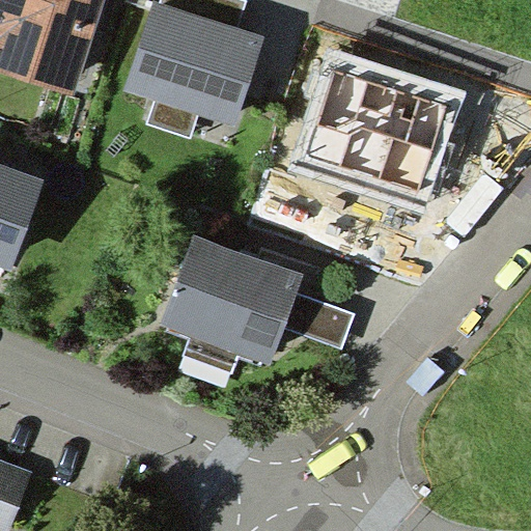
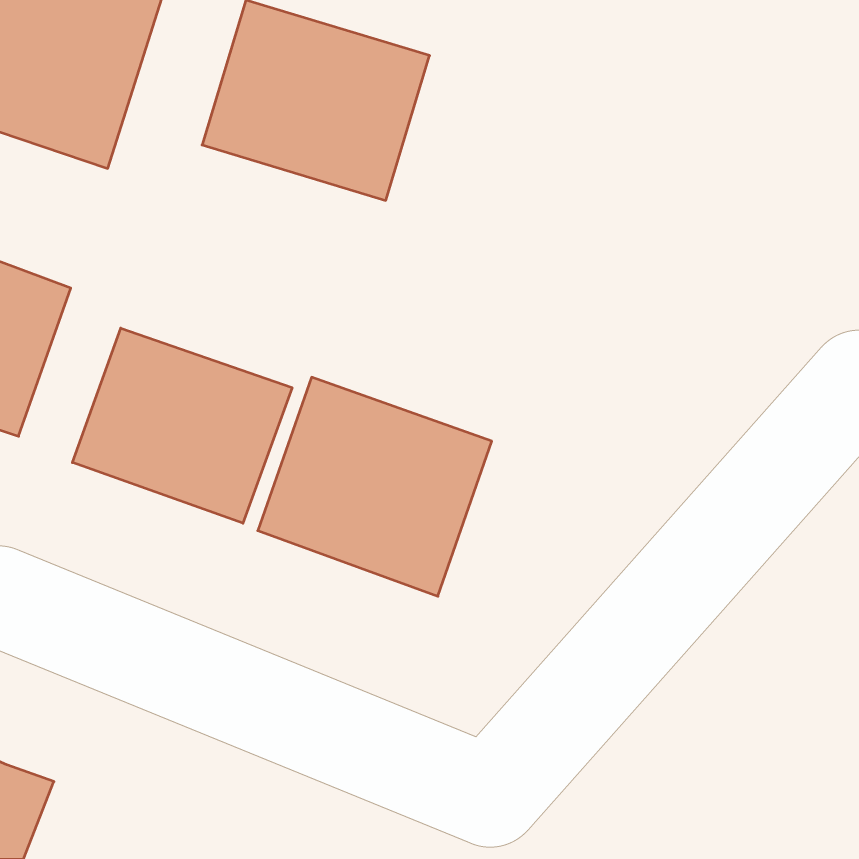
building: [306,68,449,193] -> none
building: none -> [72,328,292,523]

